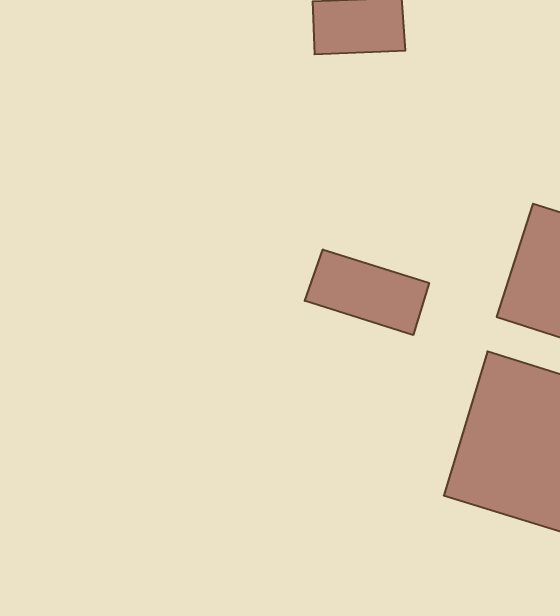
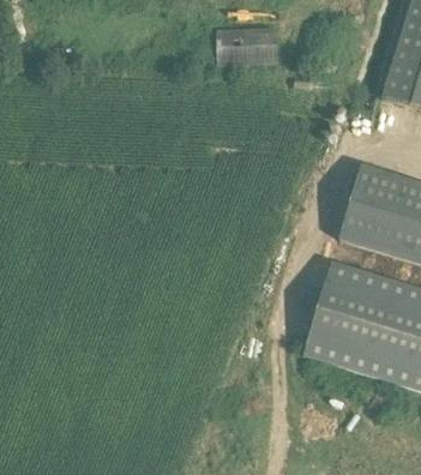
building: [305,249,429,335] -> none

